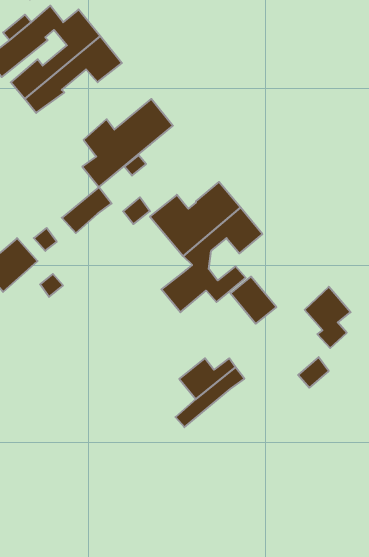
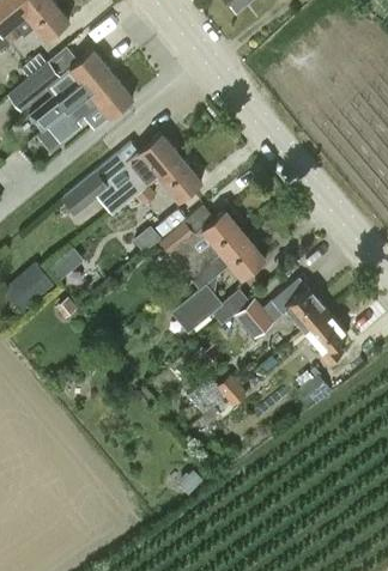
building: none -> [159,158,201,201]
building: [62,187,112,233] -> [62,171,109,214]
building: none -> [272,278,327,330]

